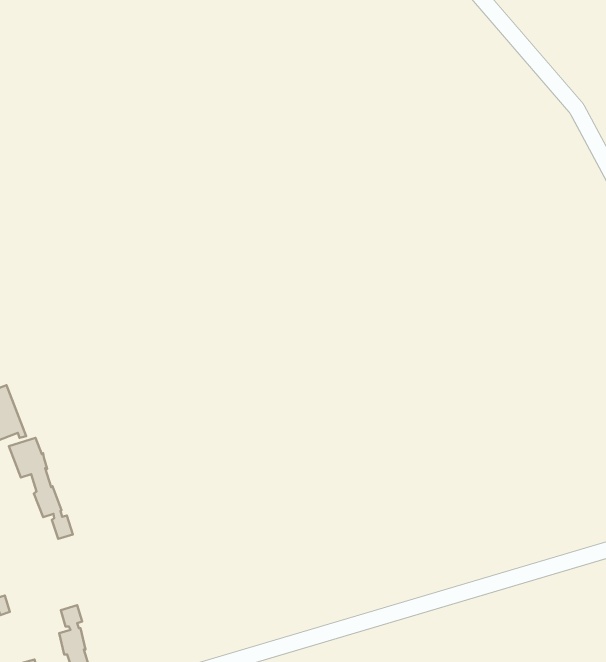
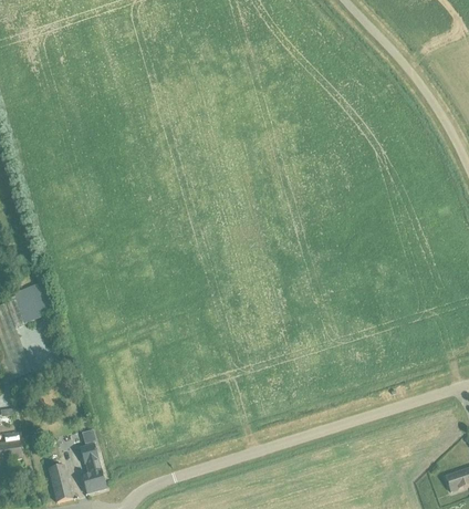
building: [9,438,73,539] -> none

